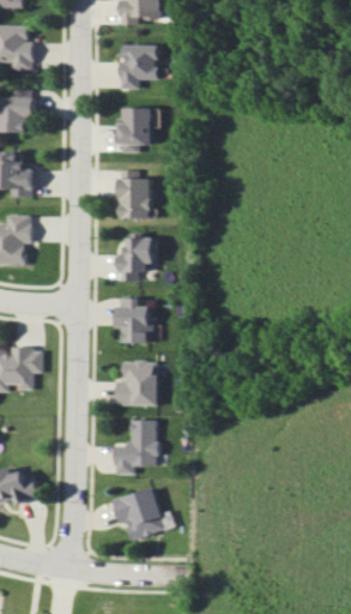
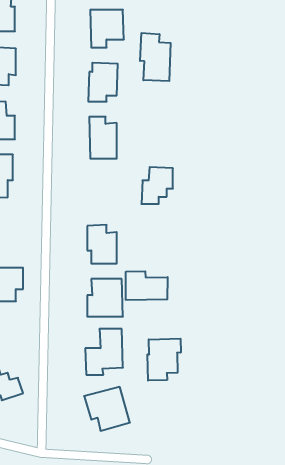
building: none -> [140,33,171,81]
building: [117,237,155,281] -> [141,167,173,204]
building: none -> [126,271,168,300]
building: none -> [147,339,181,381]

